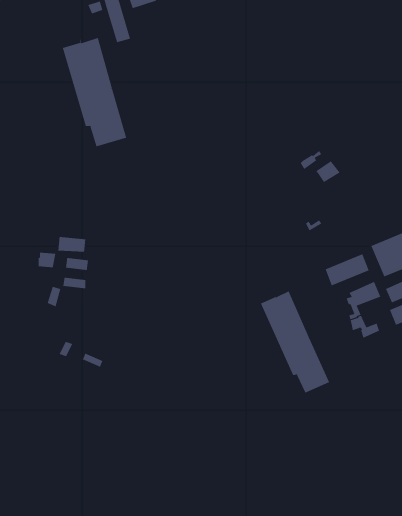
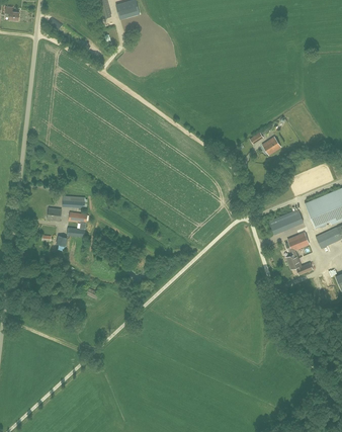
building: [62,37,127,147] -> none
building: [260,291,330,394] -> none

